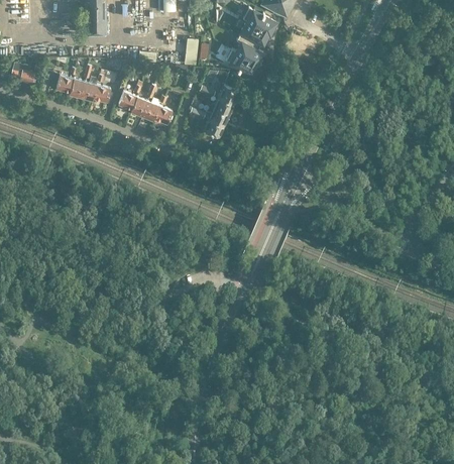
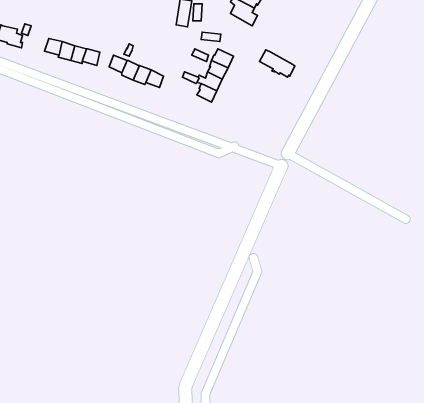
building: [224,49,258,76] -> [259,50,295,77]

